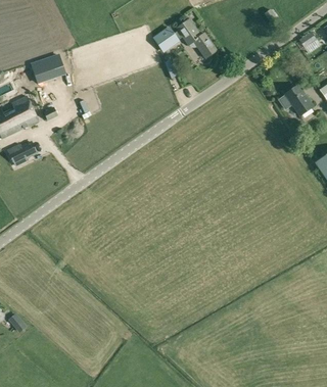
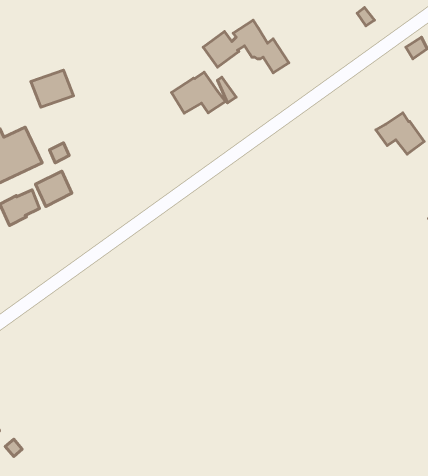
building: none -> [171,72,226,113]
building: none -> [36,171,72,206]

